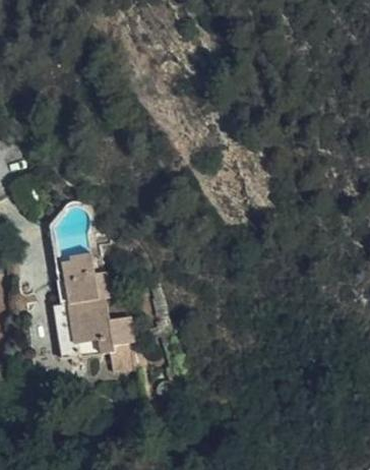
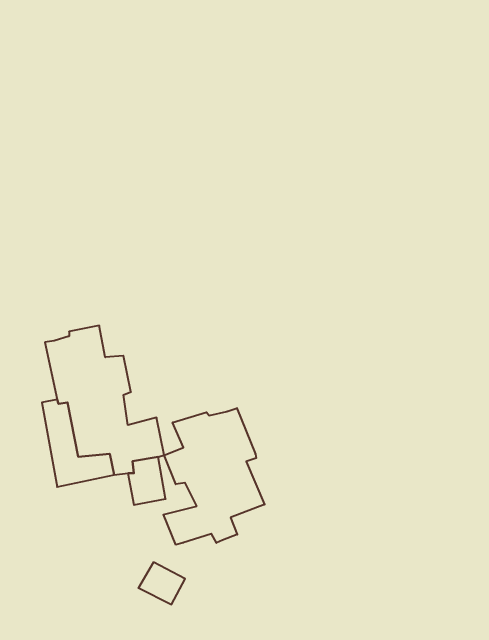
building: none -> [163,408,265,545]

